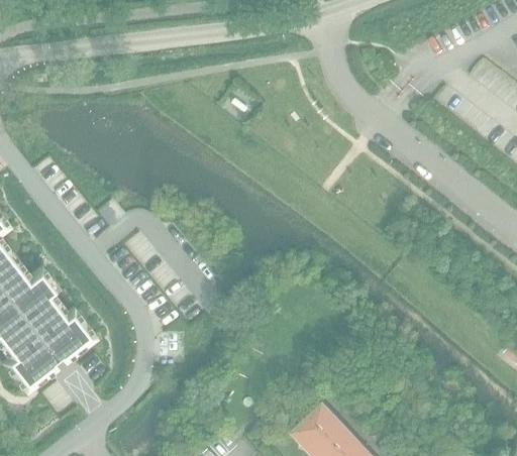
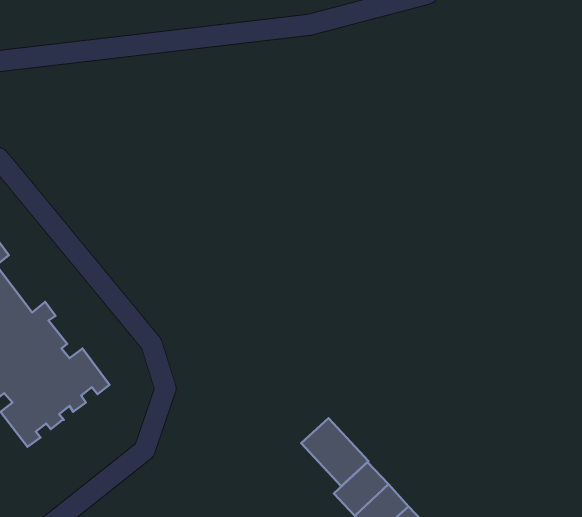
building: none -> [301,418,369,486]

